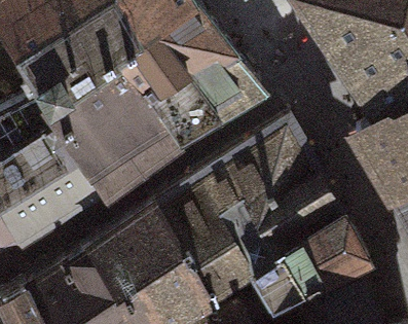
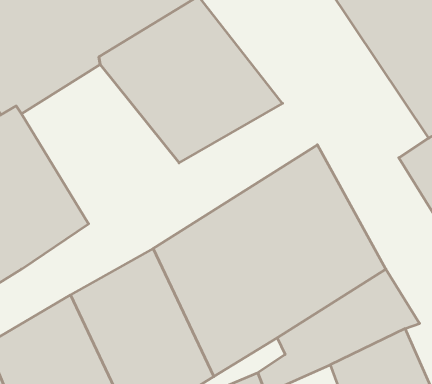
building: [54,59,180,185] -> none

